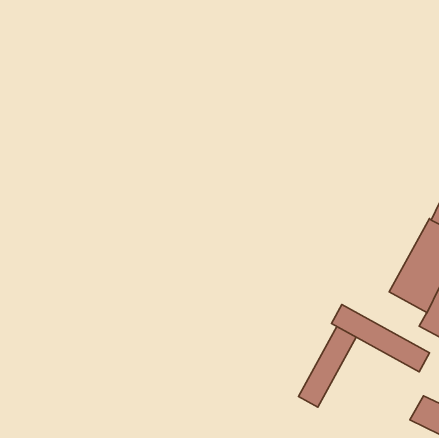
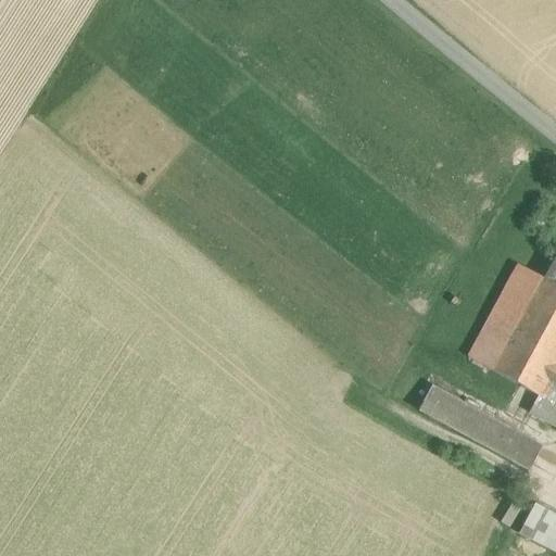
building: none -> [469,264,543,368]
building: [299,327,356,407] -> none

